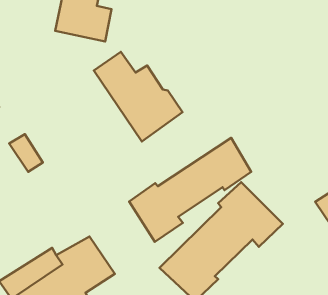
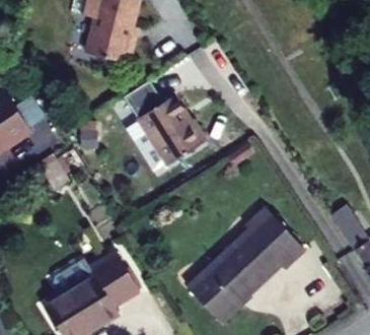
building: [129,138,251,242] -> none

